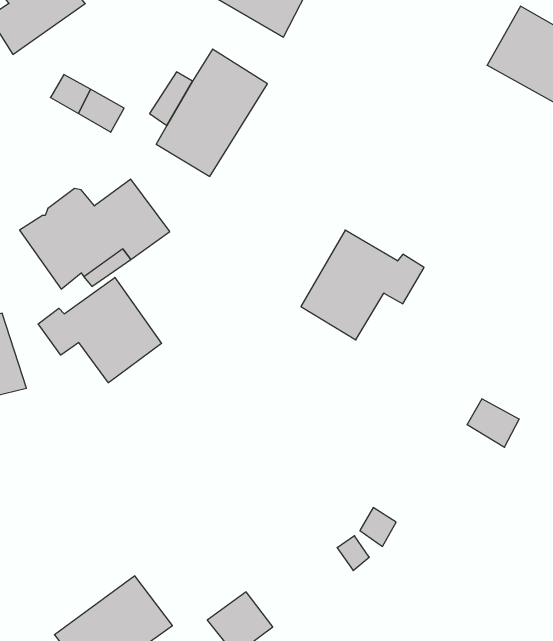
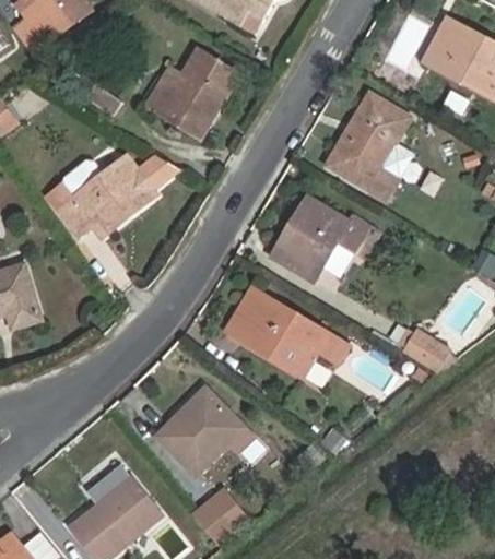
building: none -> [325,91,414,204]
building: [38,277,162,383] -> none
building: none -> [224,285,350,378]
building: none -> [151,382,258,477]

